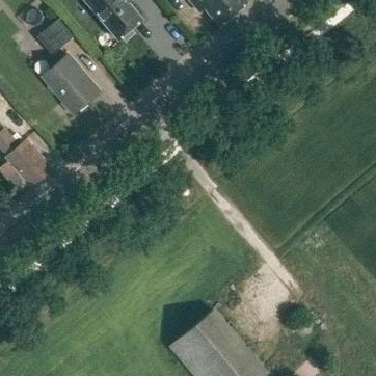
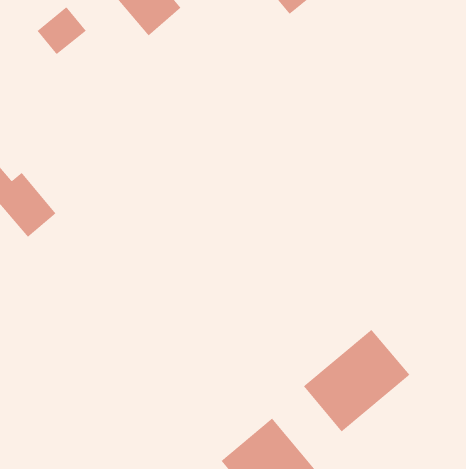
building: [43,53,100,111] -> none
building: none -> [303,329,410,432]

